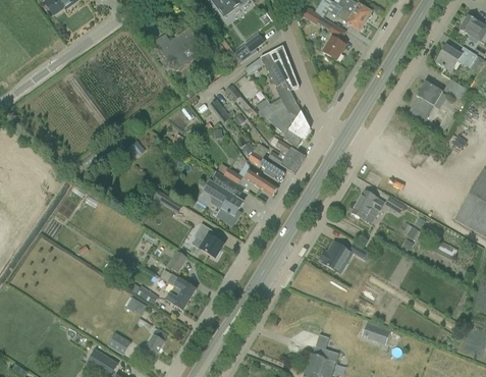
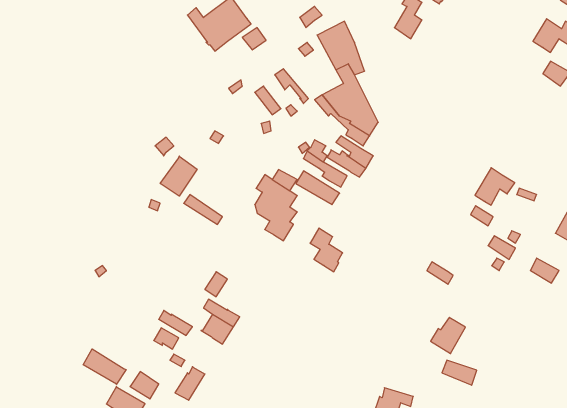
building: [408,80,443,123] -> none
building: none -> [160,156,197,196]
building: [352,190,384,220] -> [475,168,515,205]
building: [196,222,222,258] -> [310,228,343,272]
building: [319,240,347,270] -> [431,317,465,354]
building: none -> [83,349,126,384]

